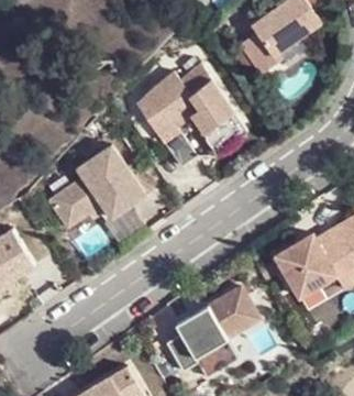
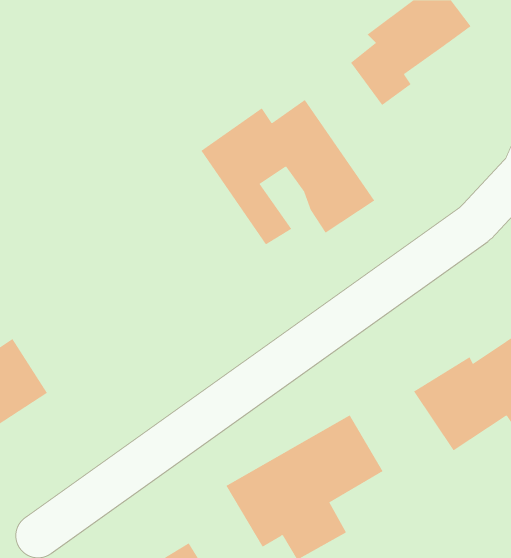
building: [49,144,145,226] -> none

